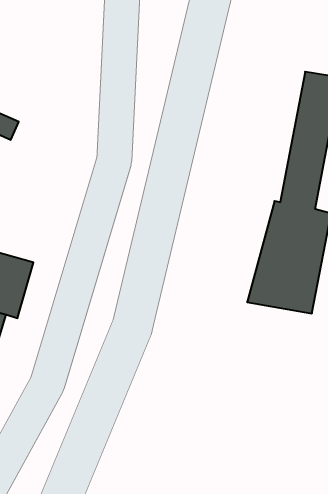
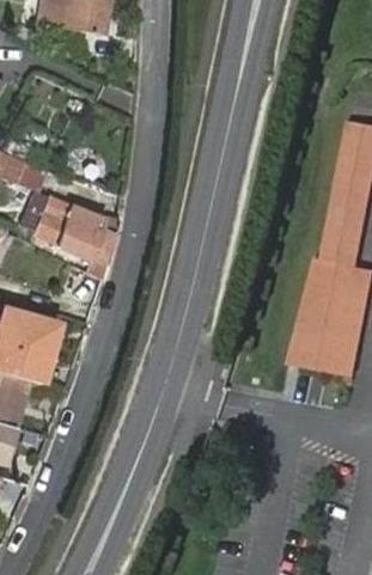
building: none -> [38,196,120,263]

